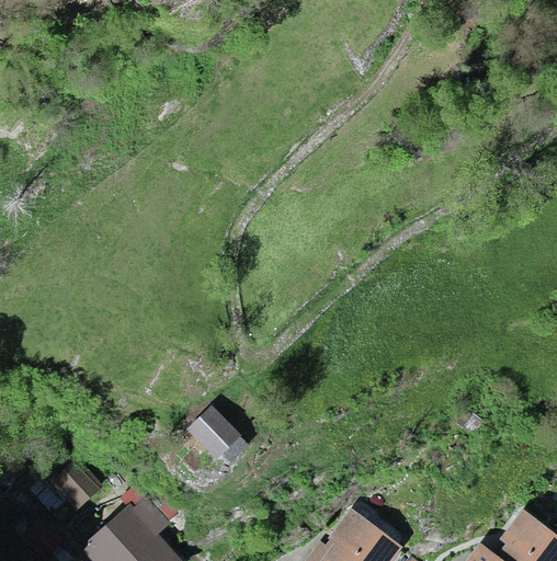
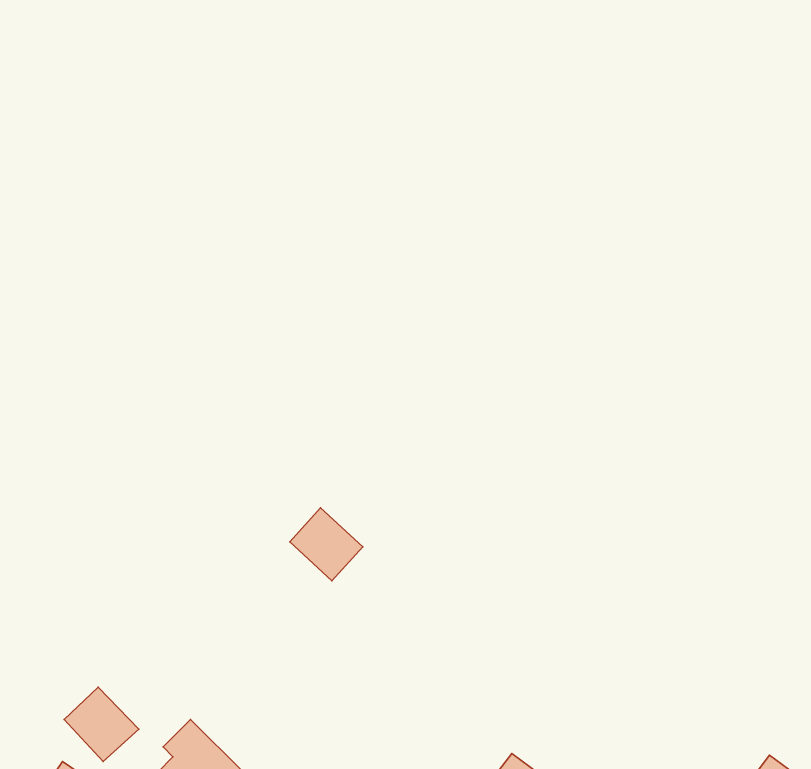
building: [198,410,248,459] -> [290,508,363,581]

